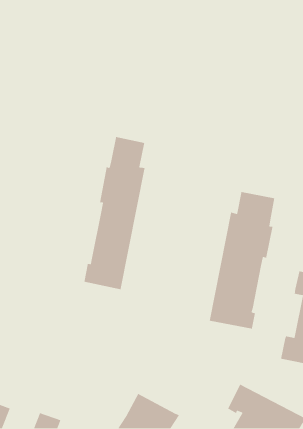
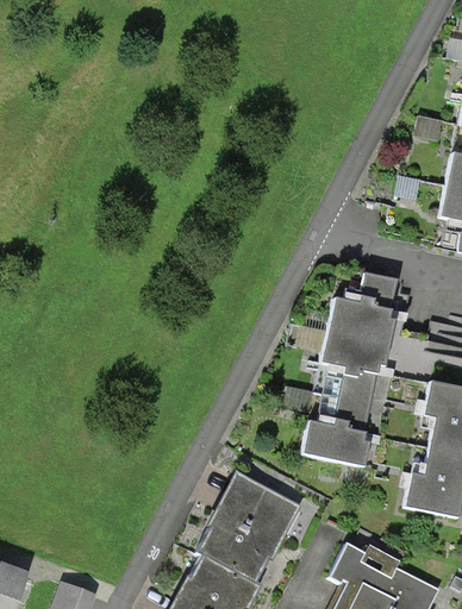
building: [83,136,146,290] -> none
building: none -> [198,475,304,583]

